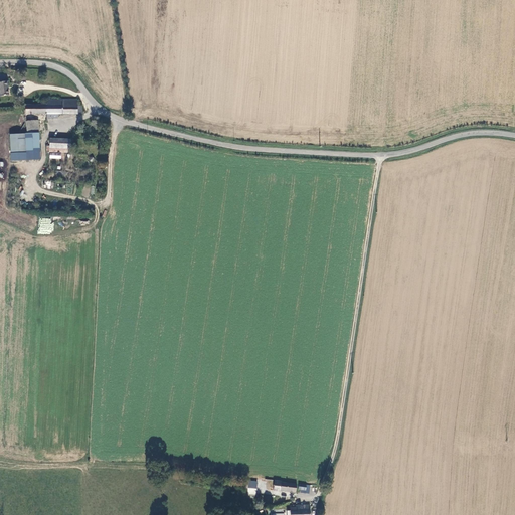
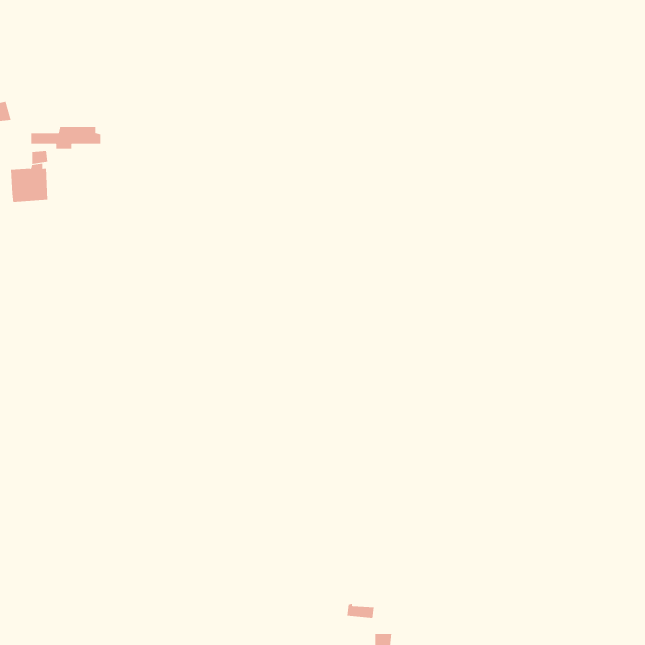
building: [45,139,69,160] -> none

